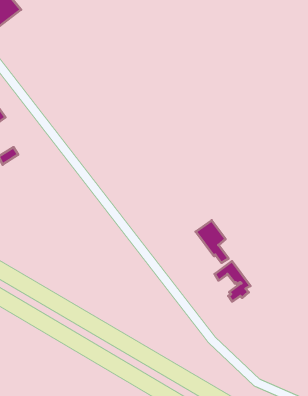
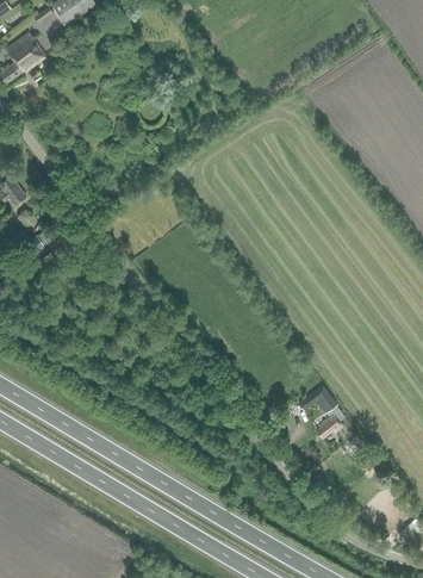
building: [196,220,228,263] -> none

